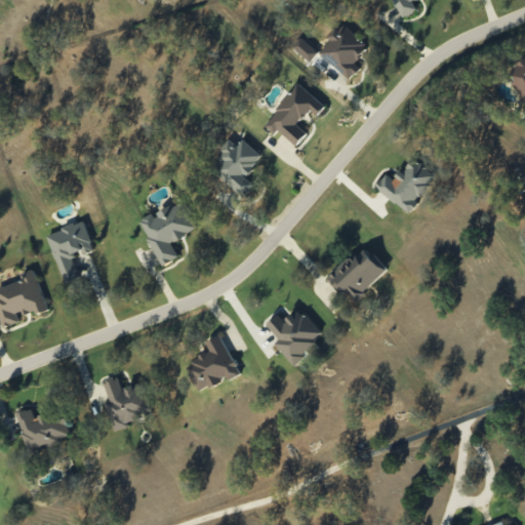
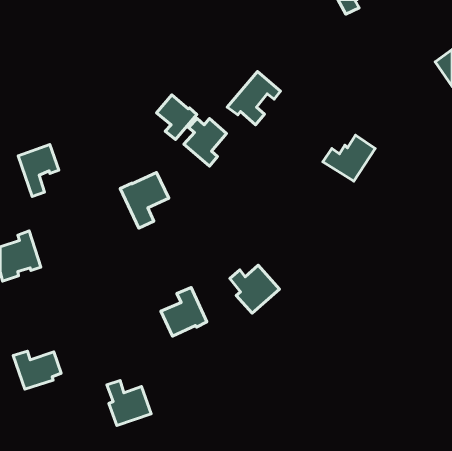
building: [318,22,368,79] -> none
building: none -> [156,95,197,139]
building: [47,219,94,280] -> [18,144,59,197]
building: [329,244,387,302] -> none
building: [103,374,154,427] -> [107,380,151,425]

